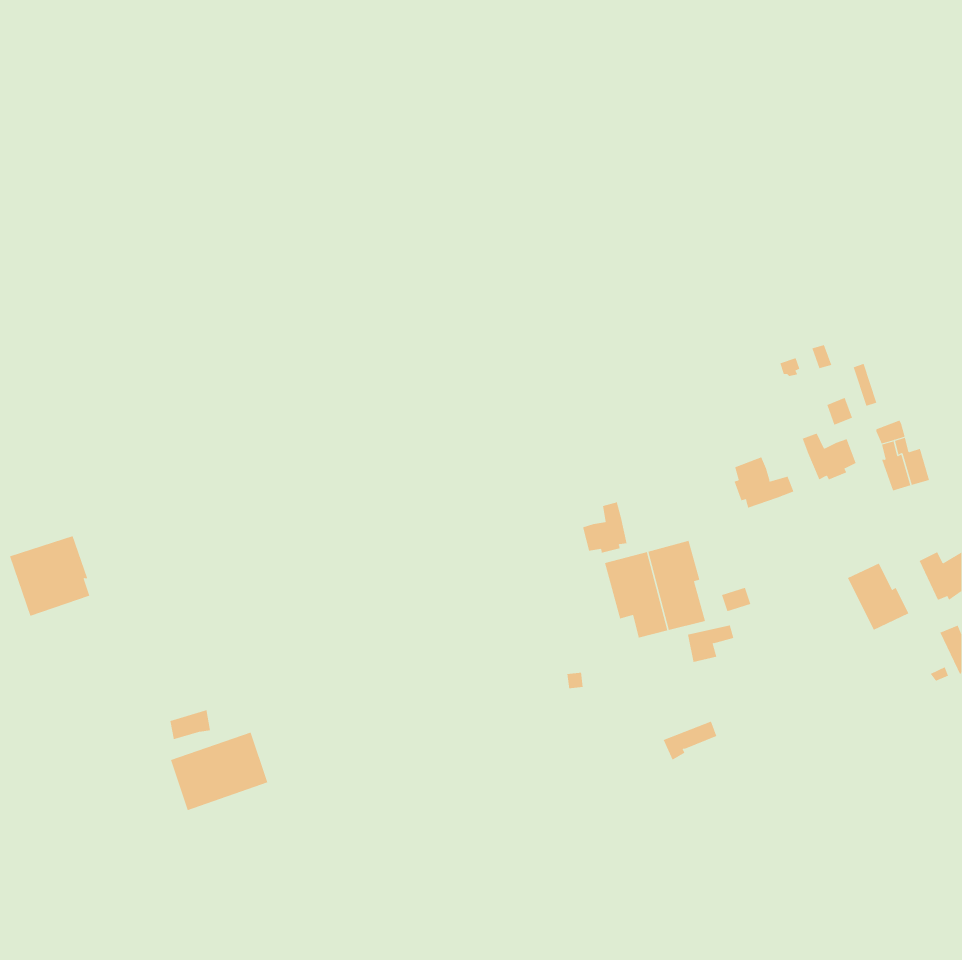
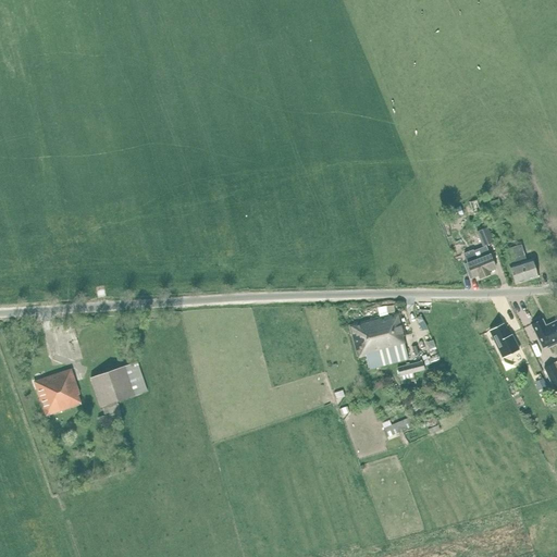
building: [734,457,794,509] -> none
building: [582,501,627,554] -> none
building: [9,535,90,616] -> [34,369,81,416]
building: [170,732,268,811] -> [90,361,147,407]

